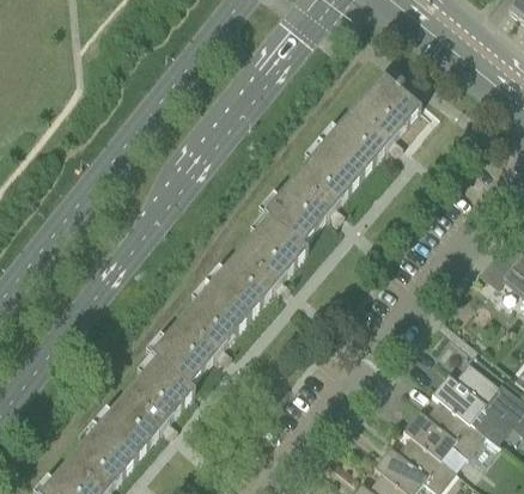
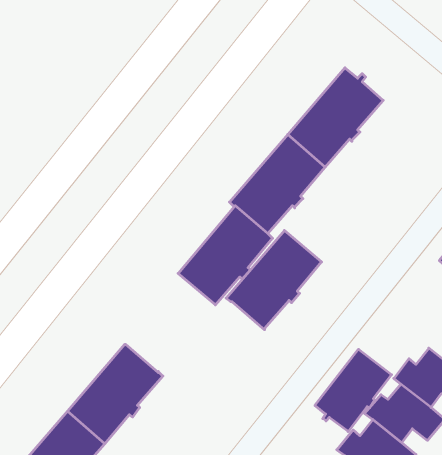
building: [150,286,248,388] -> [226,230,322,330]
building: none -> [315,349,392,432]

